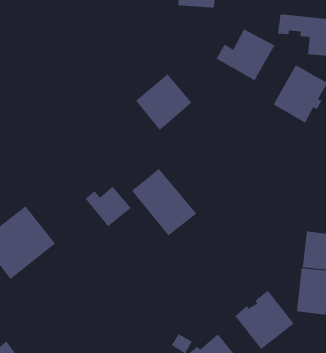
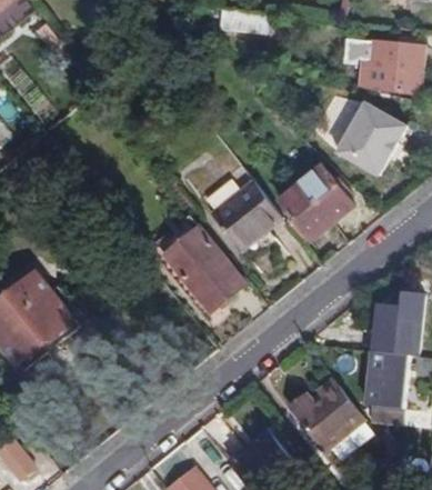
building: [216,29,275,81] -> none
building: [135,74,192,131] -> [210,179,280,249]
building: none -> [278,163,354,239]
building: [85,186,131,227] -> none

